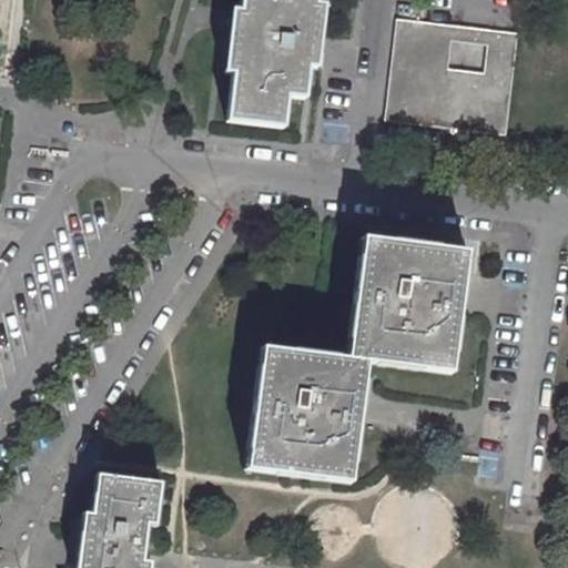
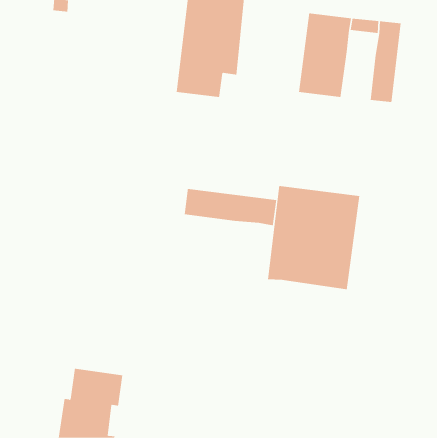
building: [444,67,487,129] -> none
building: none -> [184,188,277,226]
building: [246,347,367,481] -> none

